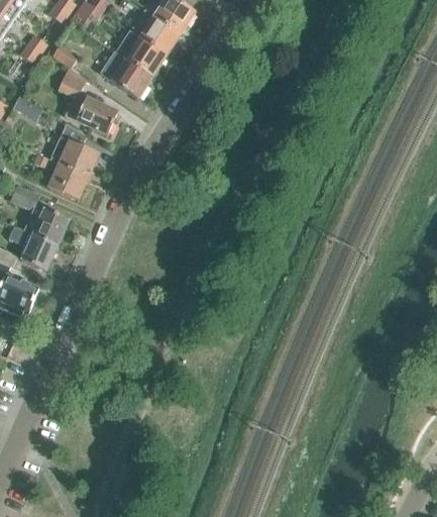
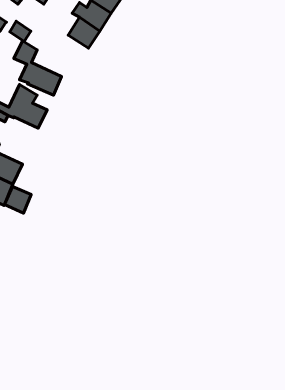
building: [101,54,150,98] -> none
building: [46,162,88,200] -> none
building: none -> [4,187,31,213]

